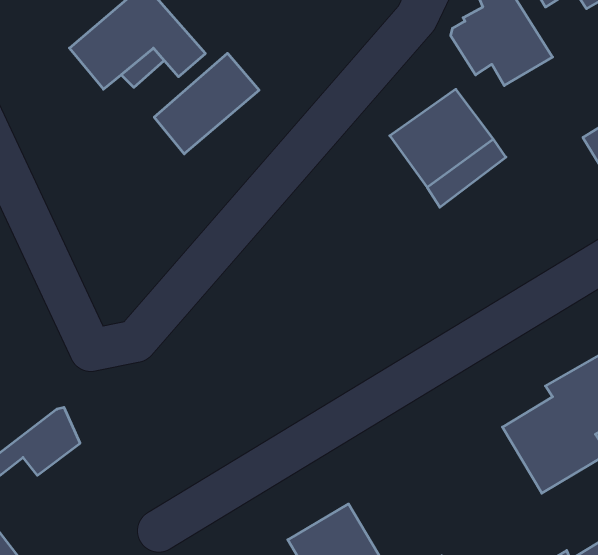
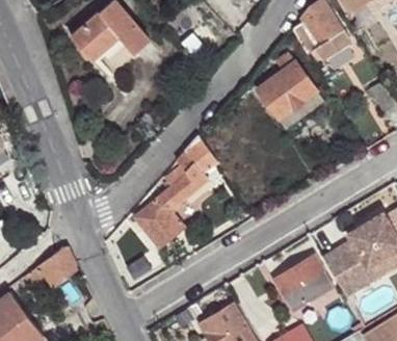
building: [154,53,259,154] -> none
building: none -> [133,136,217,248]
building: none -> [273,255,333,311]

